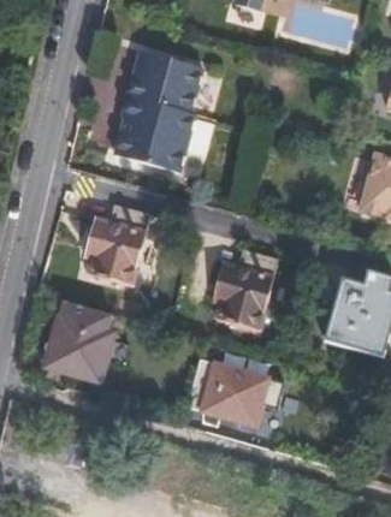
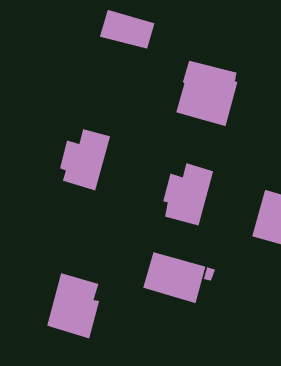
building: [114,85,195,171] -> [175,60,239,127]
building: [45,296,113,381] -> [46,272,100,339]

